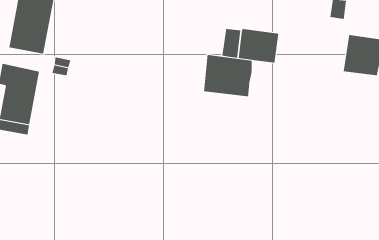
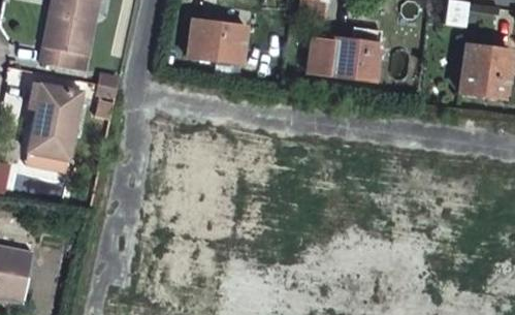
building: none -> [187,19,246,63]
building: [203,54,252,97] -> none

